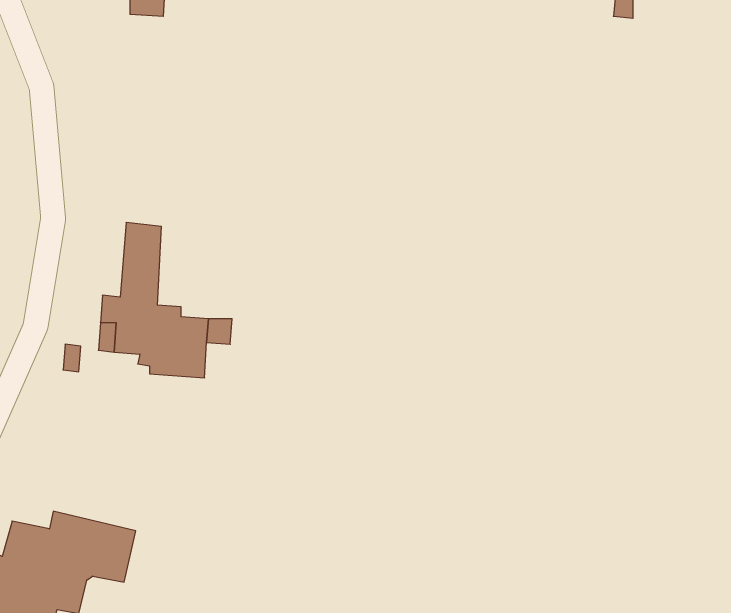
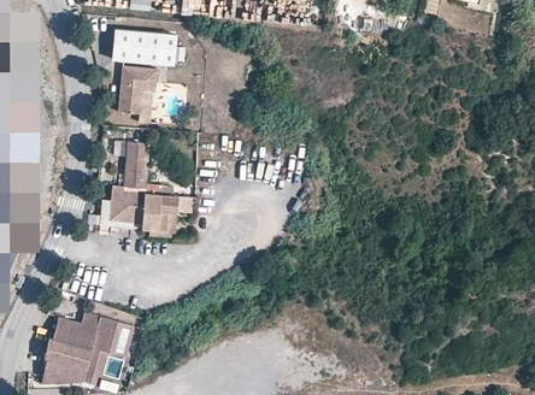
building: none -> [111,14,176,69]
building: none -> [118,70,157,116]

